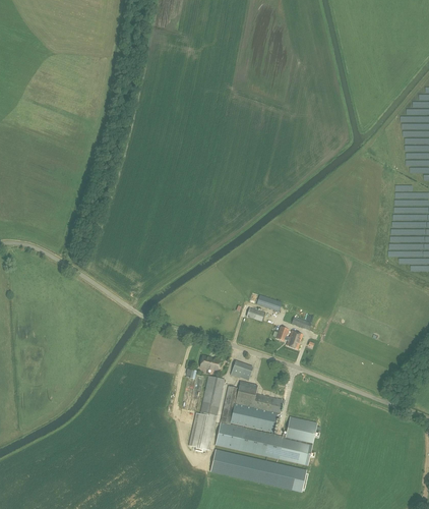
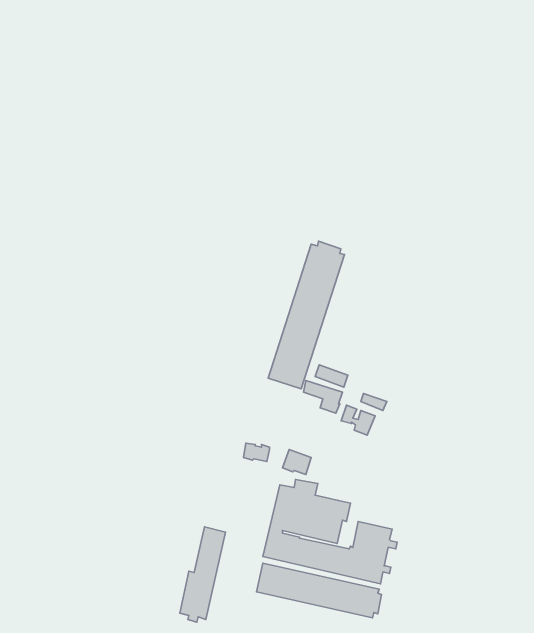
building: none -> [268,241,344,389]
building: [189,377,225,451] -> [180,527,226,622]

